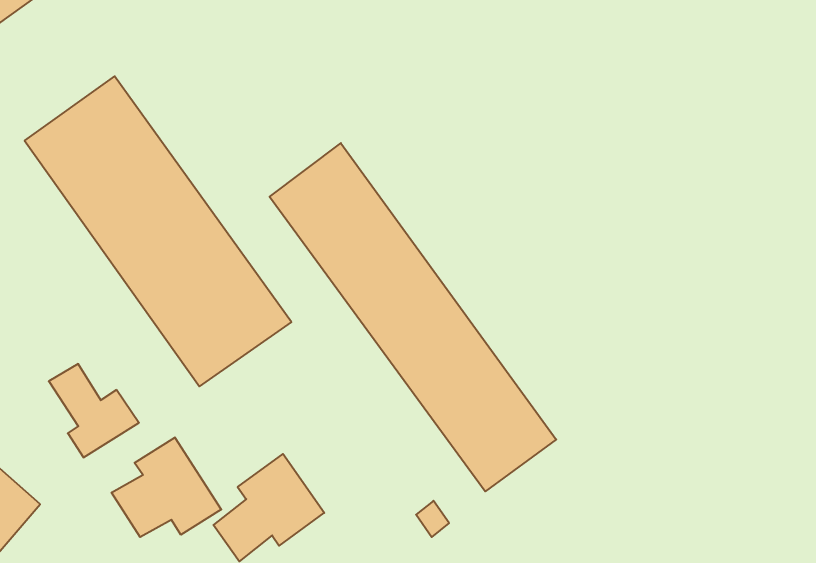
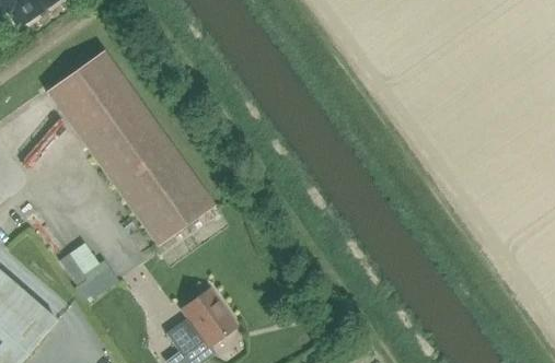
building: [270,143,556,491] -> none
building: [112,437,221,537] -> none

